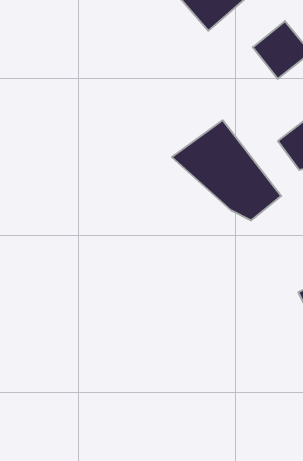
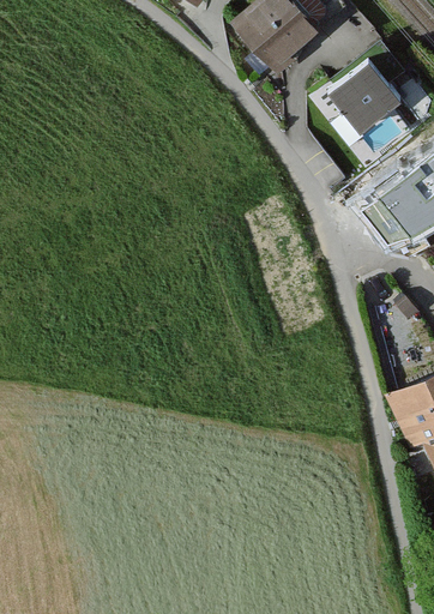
building: [172,120,281,221] -> none

